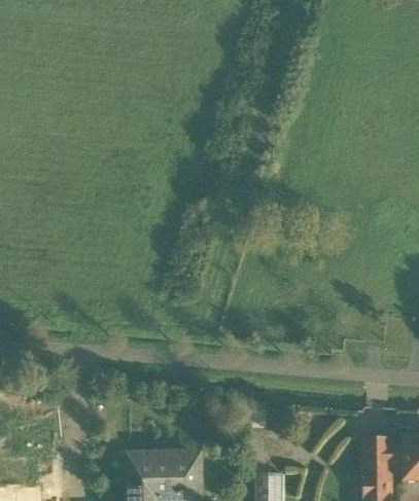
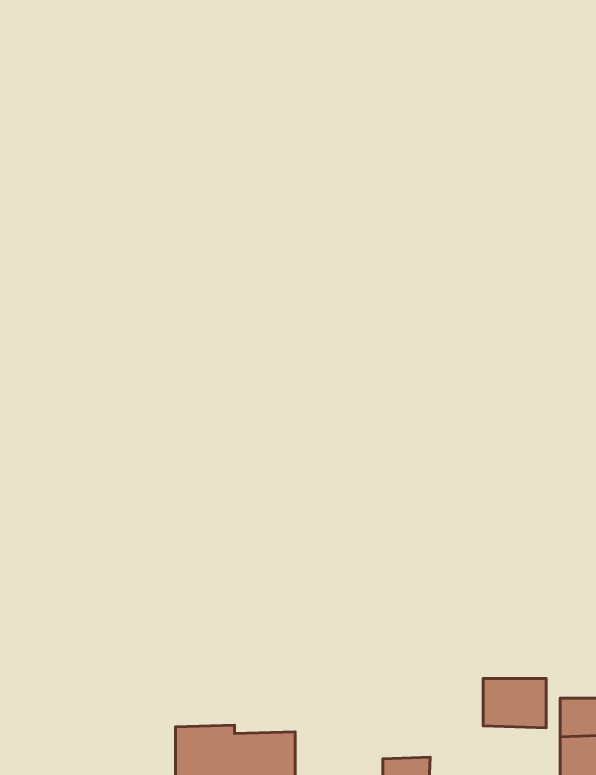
building: none -> [483,679,546,728]

